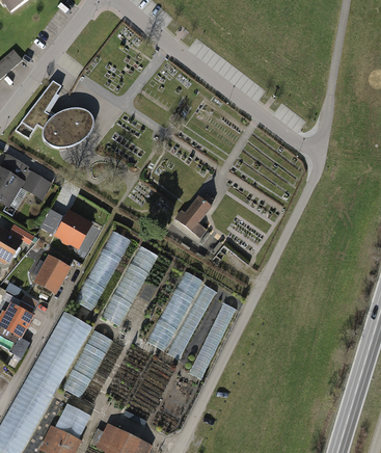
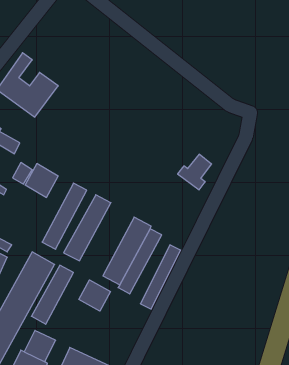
building: [173,194,213,236] -> [178,154,212,190]
building: [36,257,71,293] -> none
building: none -> [79,280,110,311]

